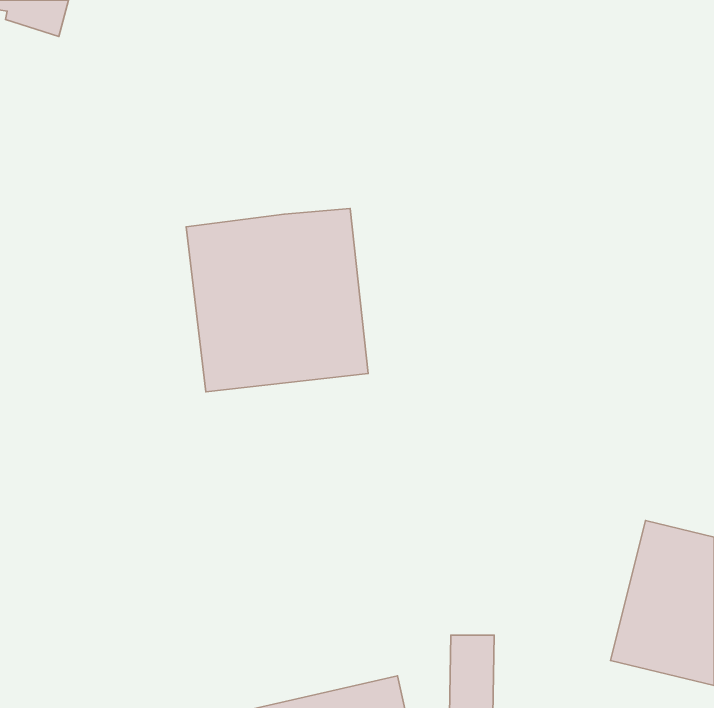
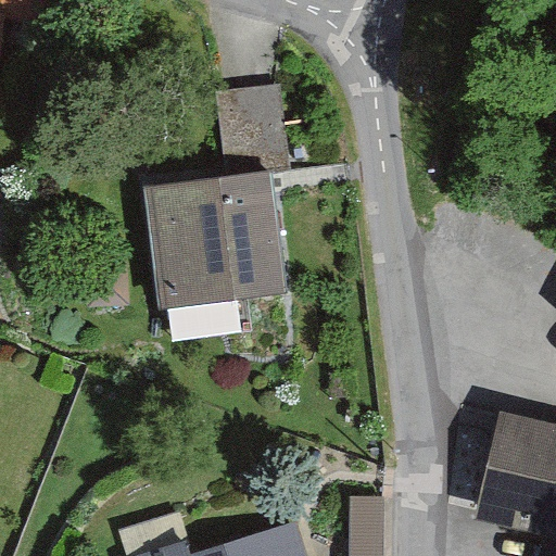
building: none -> [214,87,287,172]

